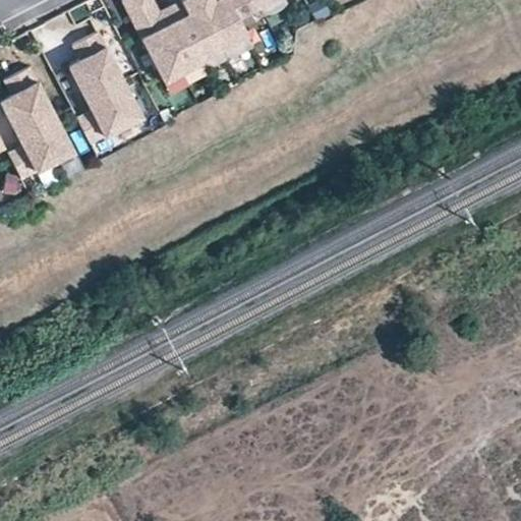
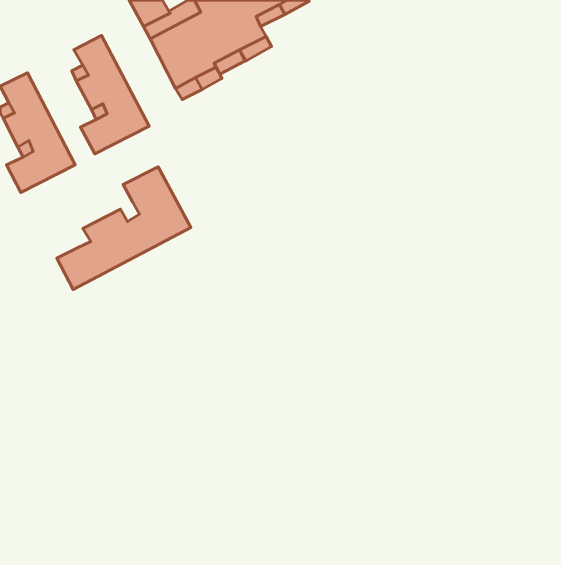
building: none -> [57,167,191,289]

